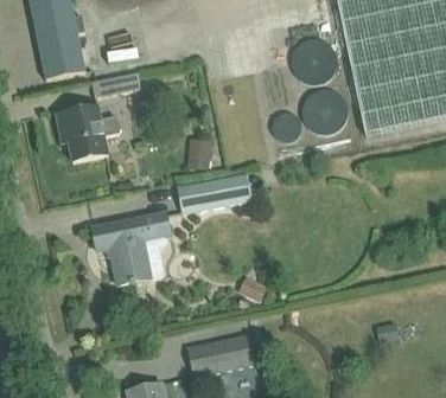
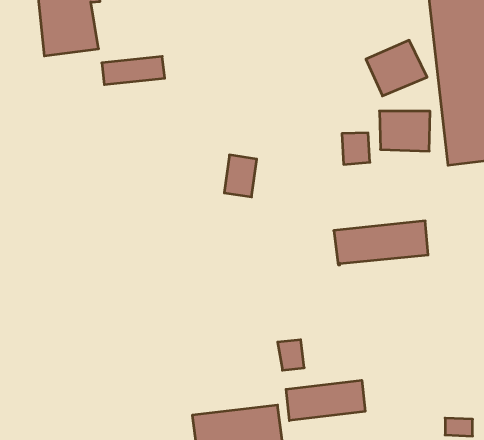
building: [56,105,119,160] -> none
building: [177,173,251,213] -> [334,221,428,265]
building: [91,213,171,284] -> none
building: none -> [286,380,365,421]

